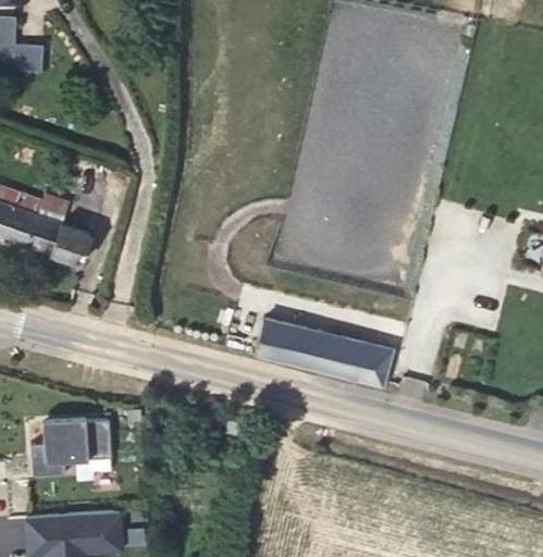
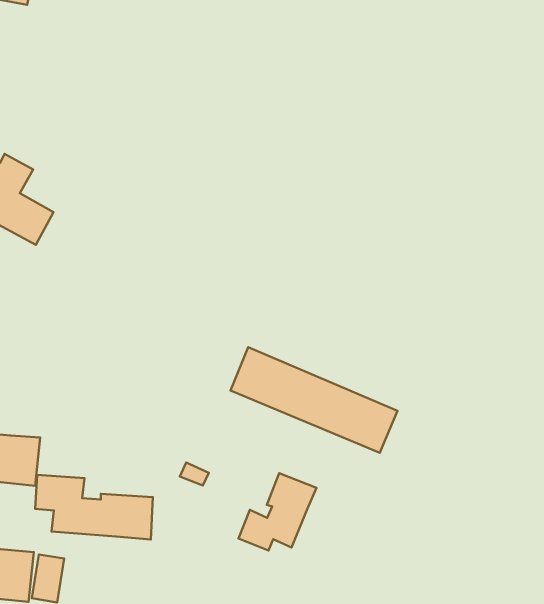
building: none -> [238,473,317,551]
building: none -> [35,475,153,540]

